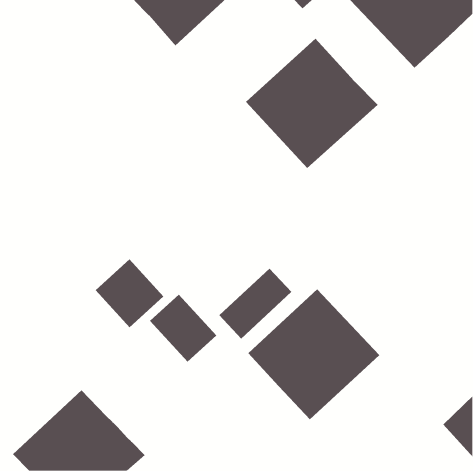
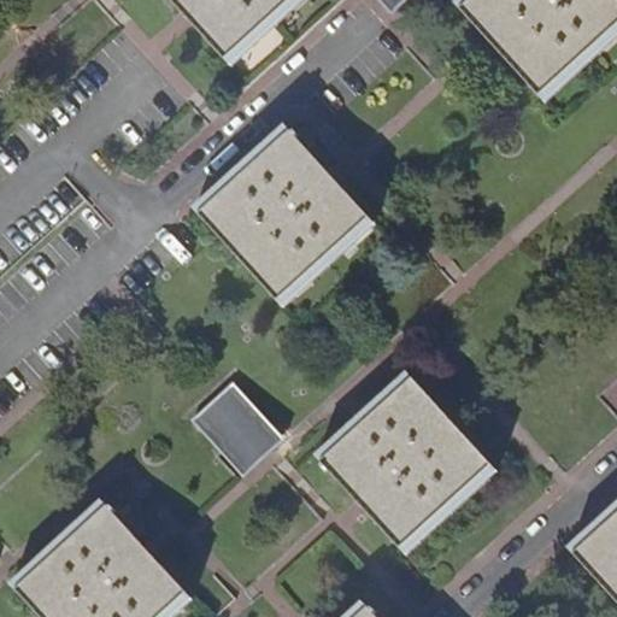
building: [245,38,379,169] -> [198,127,371,296]
building: [95,258,164,328] -> none
building: [219,268,292,339] -> none

